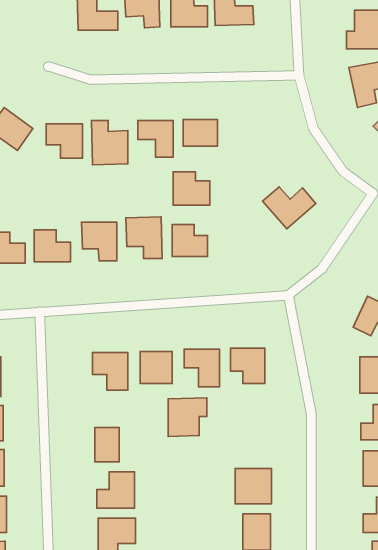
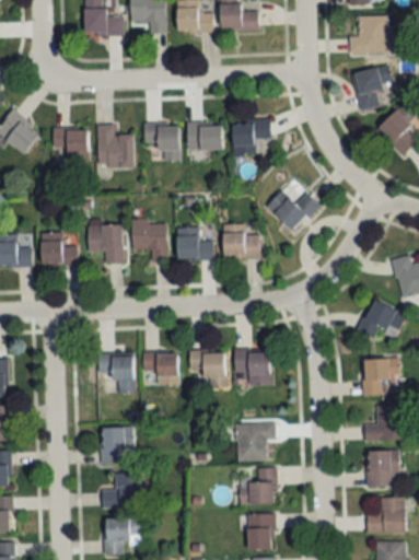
building: none -> [232,120,270,154]
building: [173,172,210,205] -> [223,225,259,258]
building: [168,398,207,436] -> [236,423,275,462]

